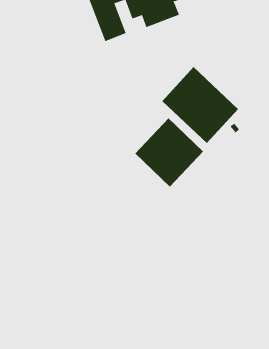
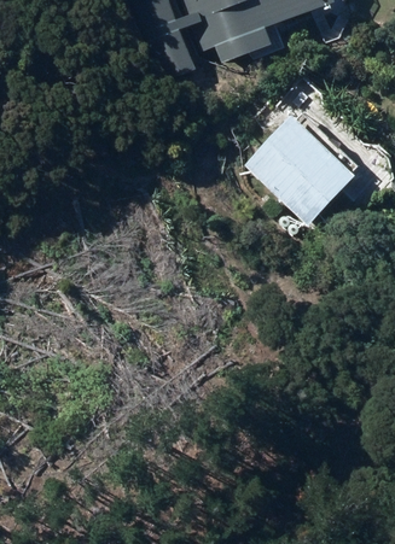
building: [134,118,204,187] -> none

